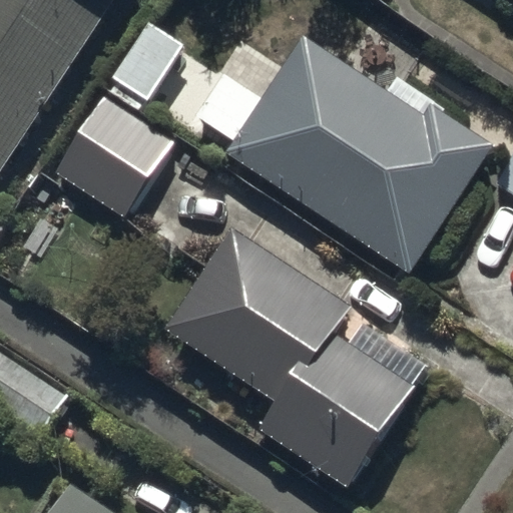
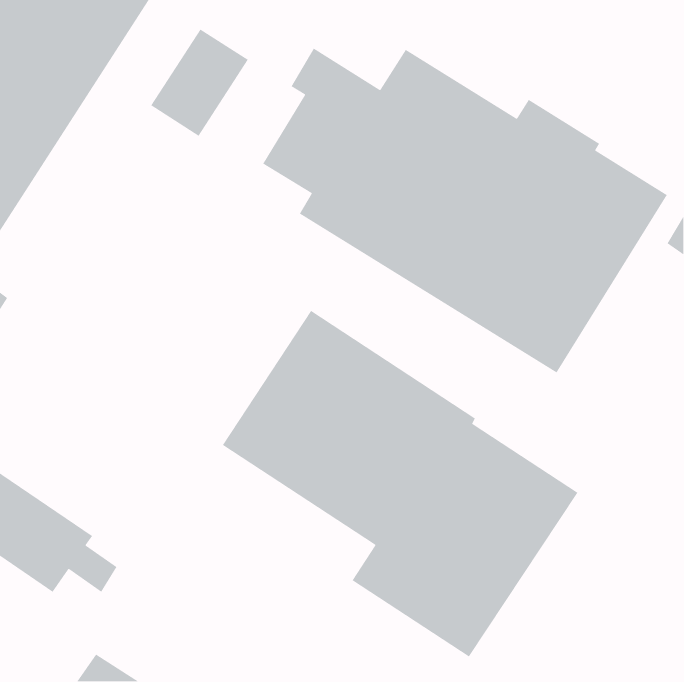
building: [50,88,175,218] -> none

